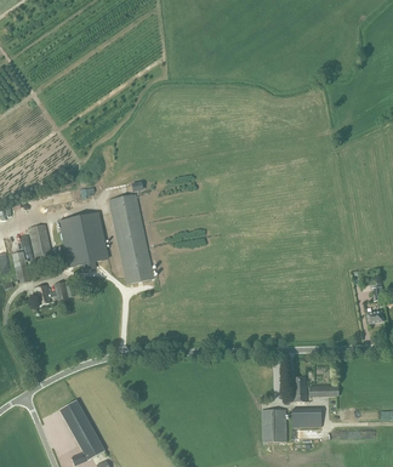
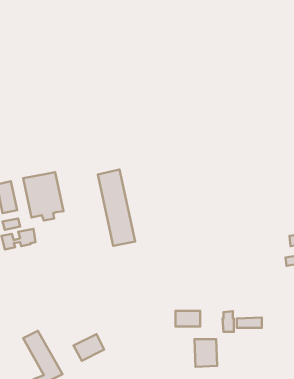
building: [109,194,153,284] -> [98,169,135,246]
building: none -> [74,334,104,361]
building: [292,409,321,427] -> [175,311,200,326]

